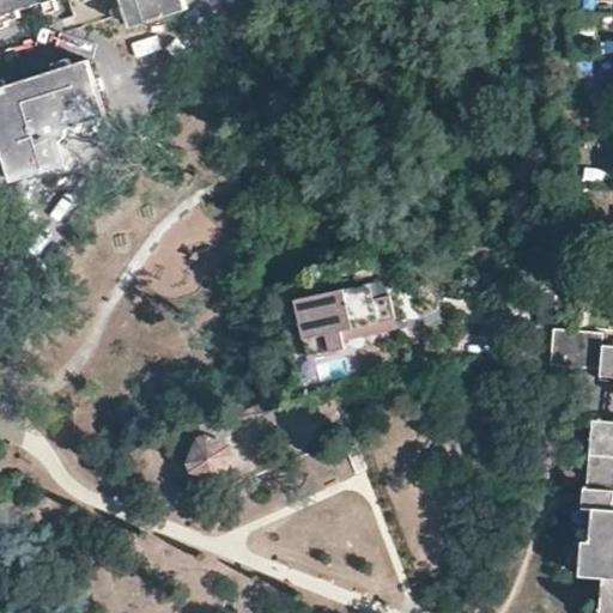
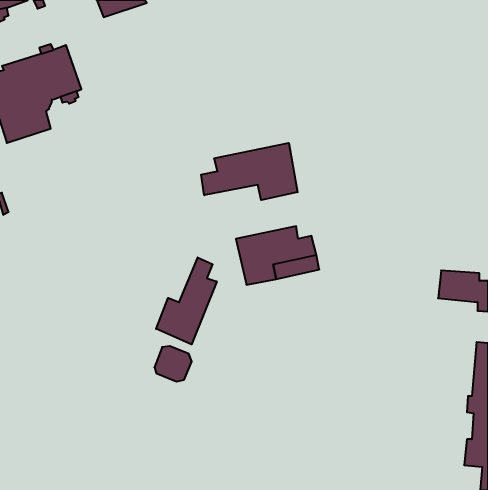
building: none -> [201,143,298,200]
building: none -> [156,257,217,344]

